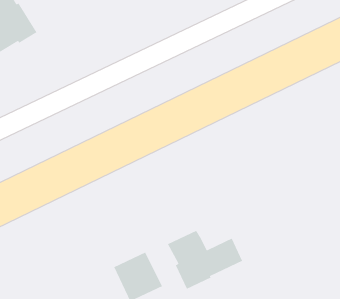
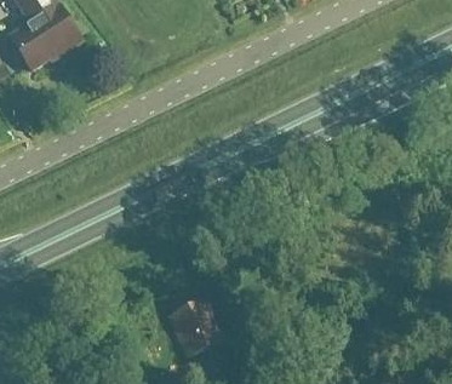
building: [167,230,243,290] -> none

